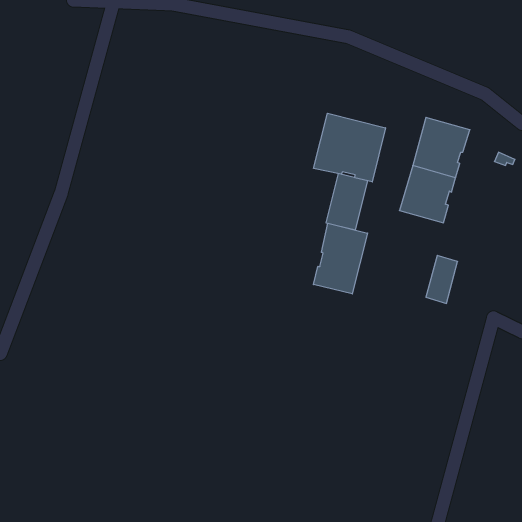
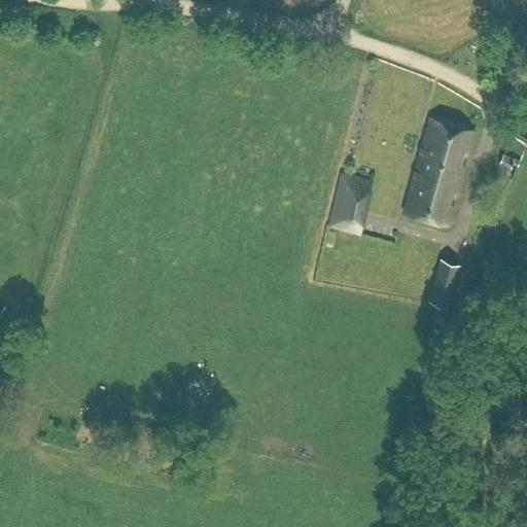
building: [314,113,385,182] -> none
building: [313,223,368,294] -> none

